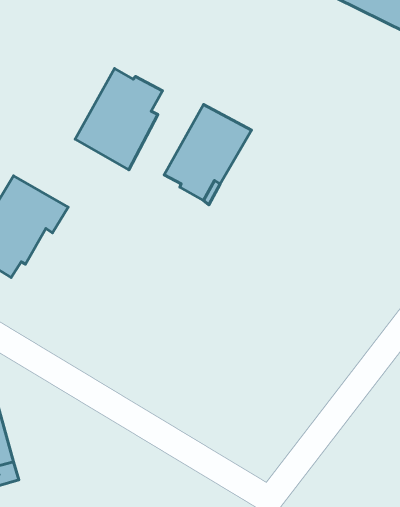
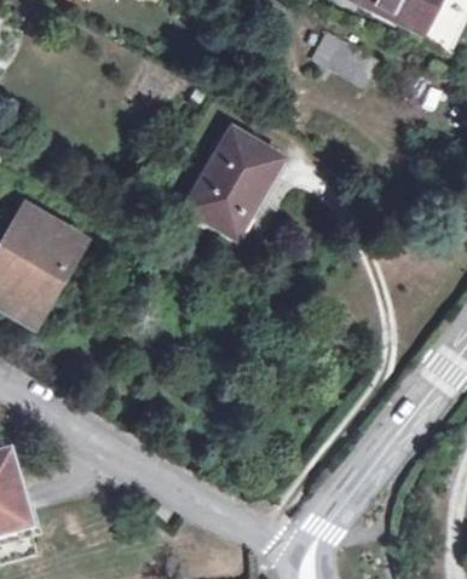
building: none -> [312,33,380,88]
building: [75,68,162,170] -> none

